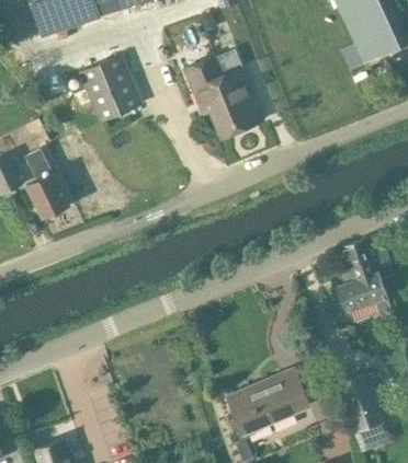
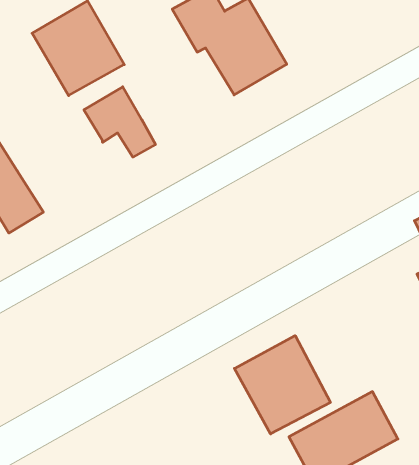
building: none -> [84,87,155,157]
building: none -> [234,336,330,434]

